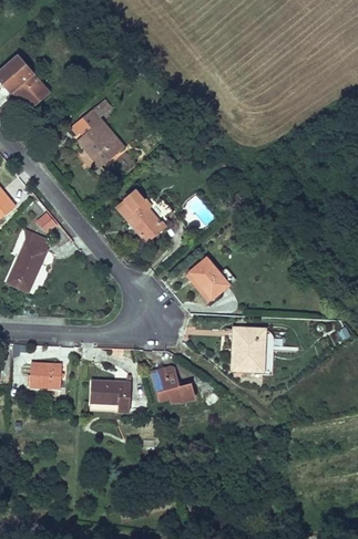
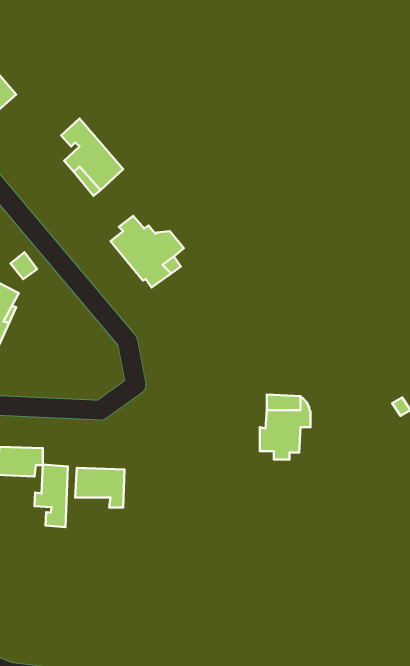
building: [185,253,237,303] -> none
building: [149,362,188,395] -> none
building: none -> [35,464,68,527]

